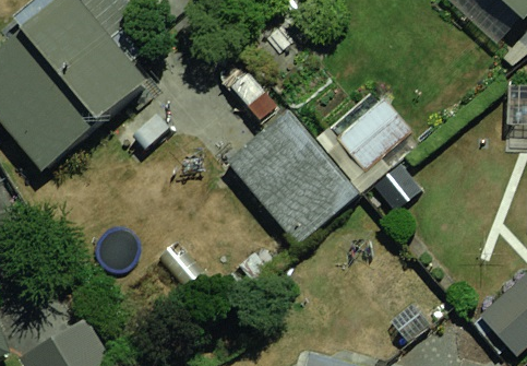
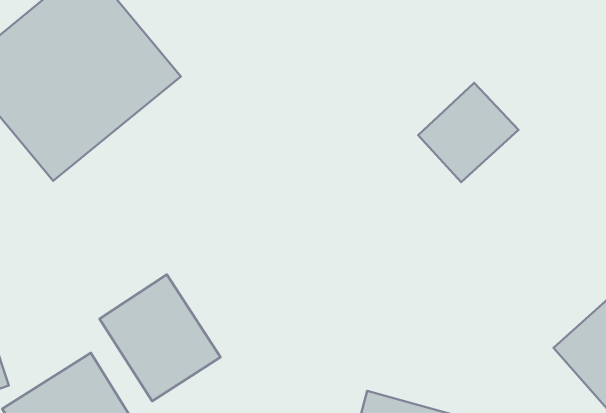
building: [219,113,346,239] -> none
building: none -> [100,275,221,401]

